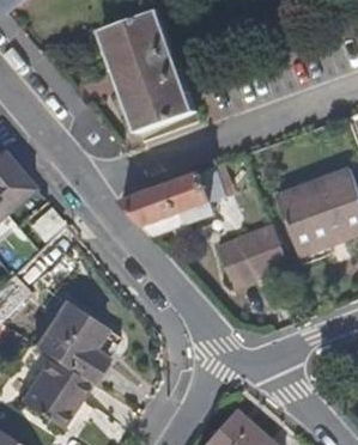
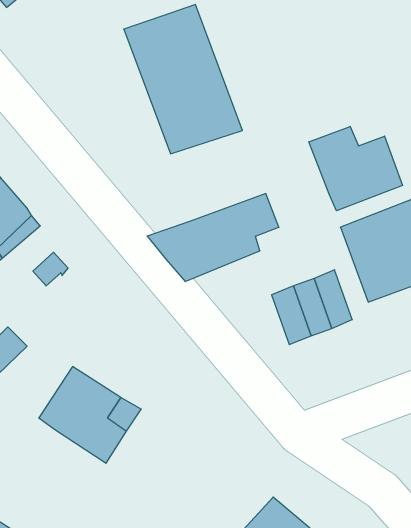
building: none -> [309,126,403,211]
building: [14,358,89,433] -> none

